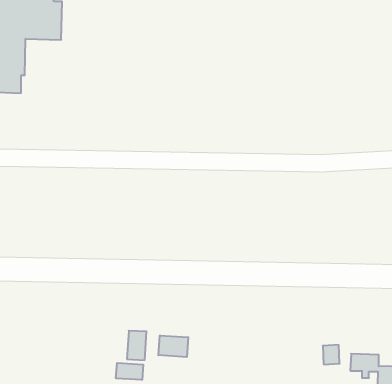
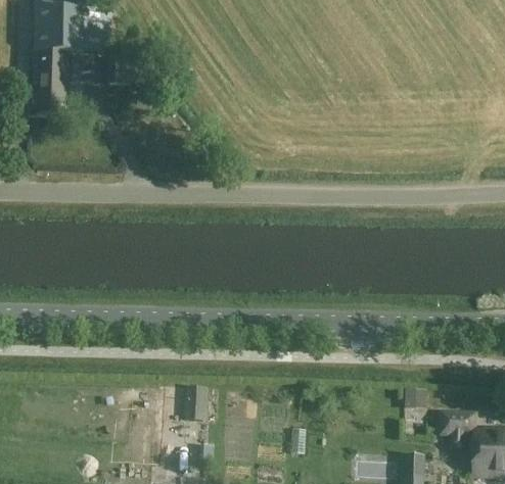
building: [158,335,188,357] -> none
building: [116,363,143,380] -> none

